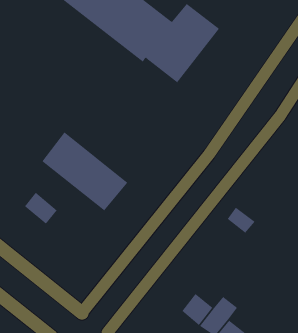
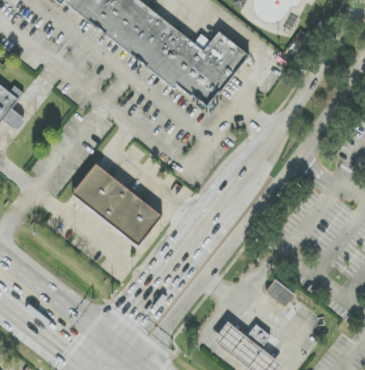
building: [24,192,58,225] -> none
building: [227,207,255,234] -> [267,281,296,308]

